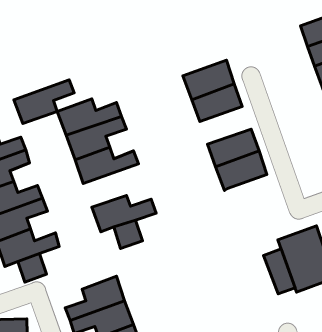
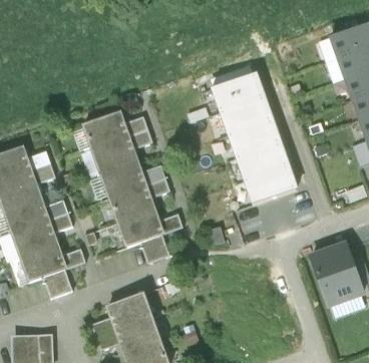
building: [14,80,74,123] -> [109,177,170,222]
building: none -> [228,119,280,157]
building: [264,249,295,294] -> none

